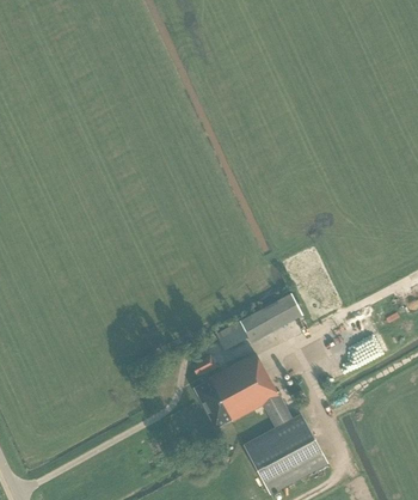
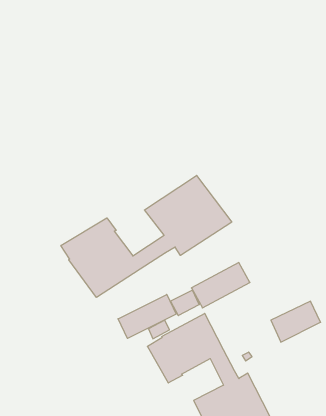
building: none -> [61,175,232,297]
building: none -> [118,294,176,338]

